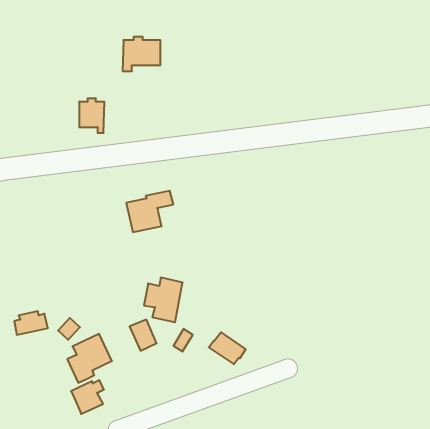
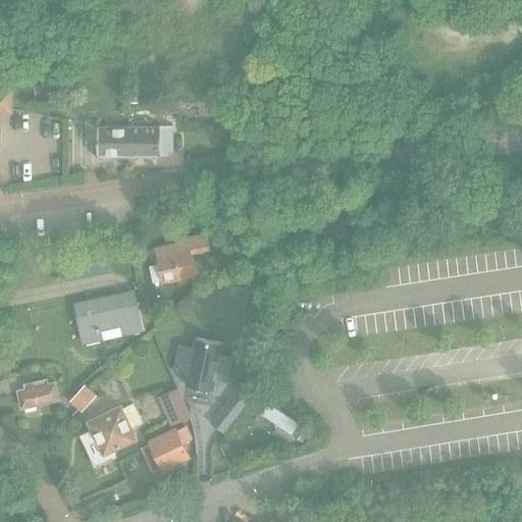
building: [123,37,160,71] -> [125,120,171,162]
building: none -> [74,295,140,342]
building: [71,380,104,414] -> [150,428,190,469]

